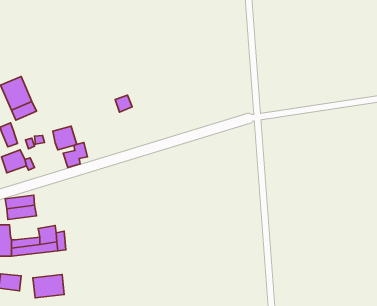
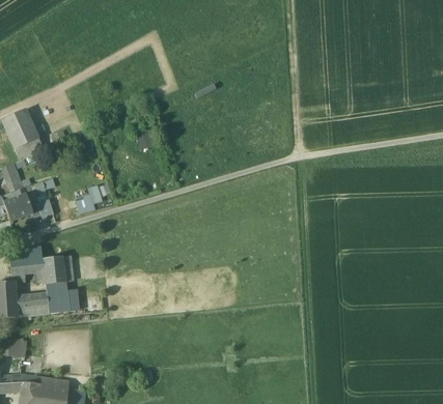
building: [53,126,77,150] -> none
building: none -> [41,256,65,285]
building: [33,275,64,298] -> none

